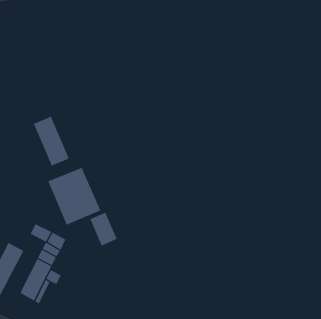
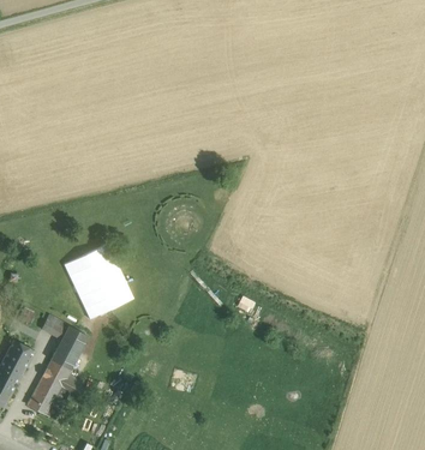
building: [33,116,69,167] -> none
building: [90,212,117,247] -> none

